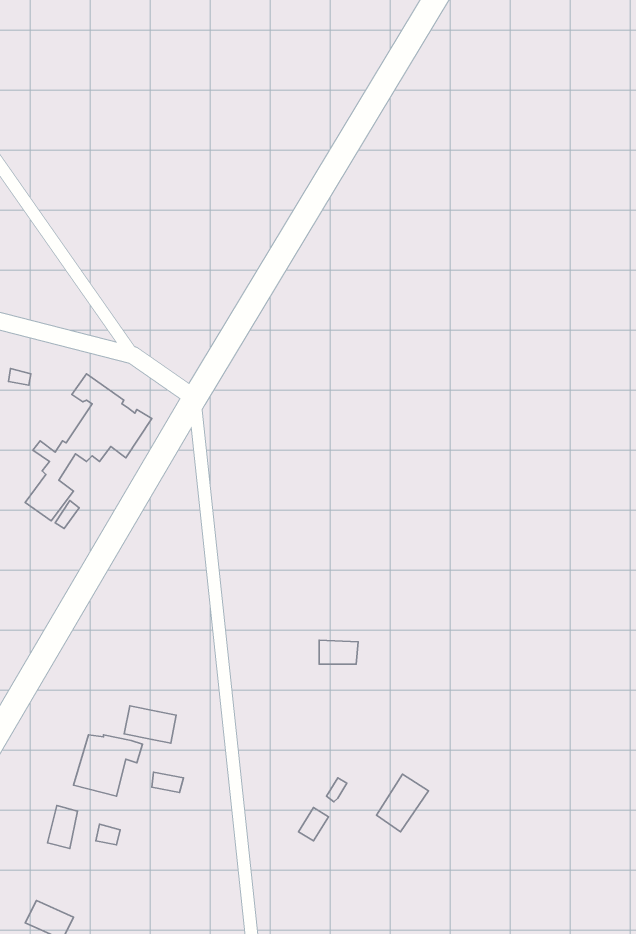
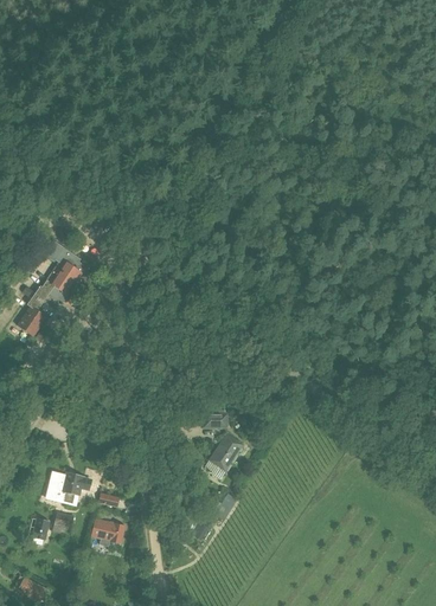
building: [124,706,176,743] -> [91,521,124,544]
building: [376,774,428,832] -> [210,432,243,469]

